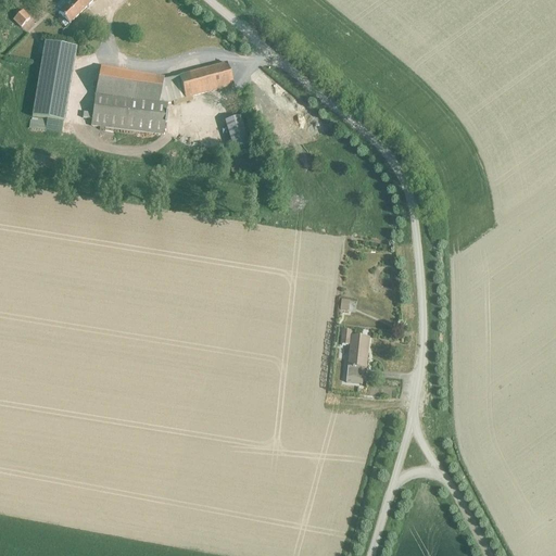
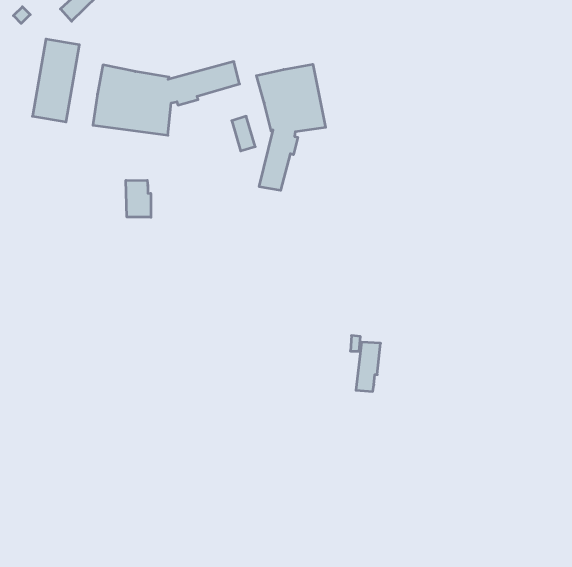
building: none -> [256,64,326,190]
building: none -> [126,180,151,217]

